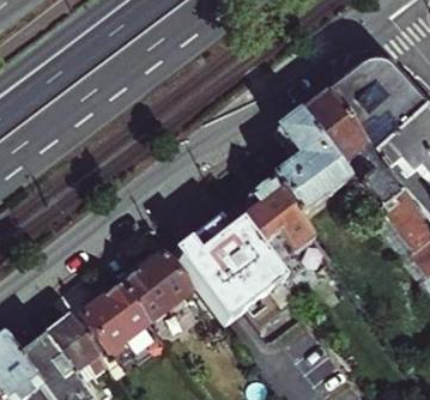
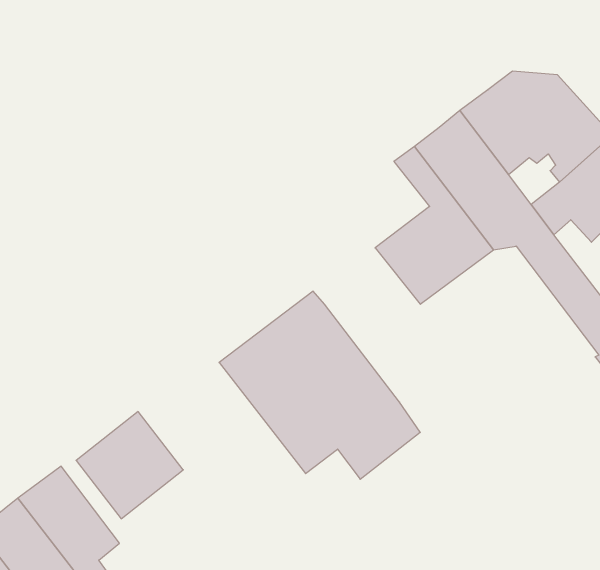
building: [237,180,314,278] -> none
building: [119,253,188,321] -> none

